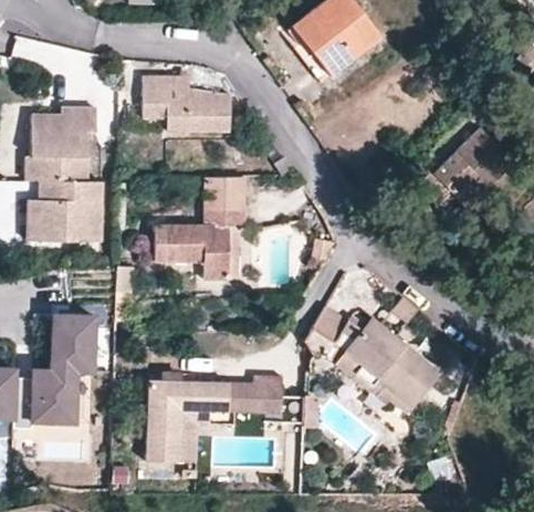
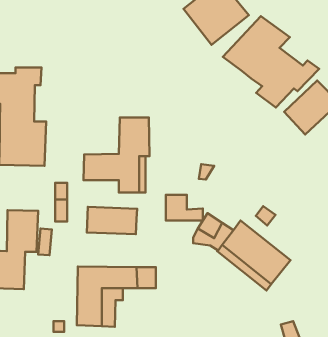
building: none -> [223,16,319,107]
building: [143,77,232,135] -> none
building: none -> [87,207,137,234]
building: [254,376,305,411] -> [166,195,203,221]

